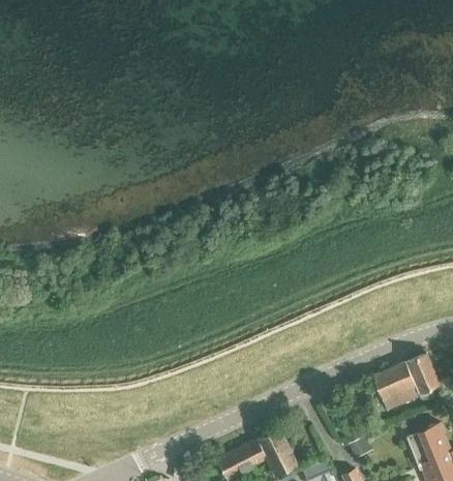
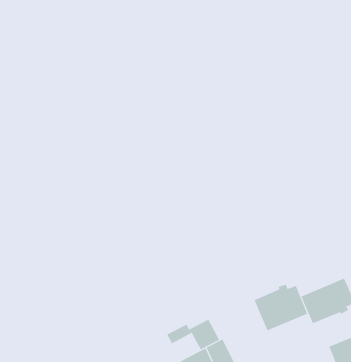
building: none -> [254,284,308,331]
building: none -> [167,319,220,350]

